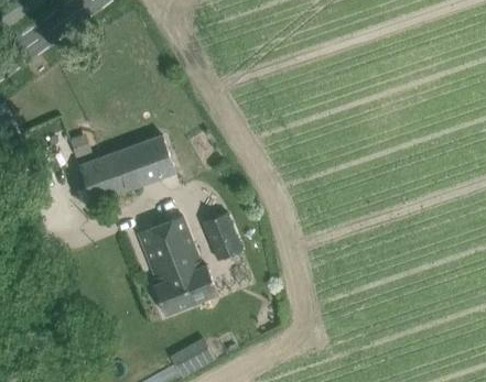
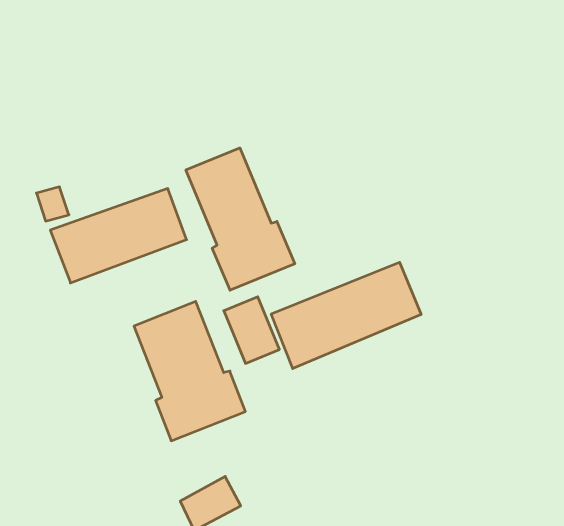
building: none -> [186,148,295,290]
building: none -> [271,262,421,369]

